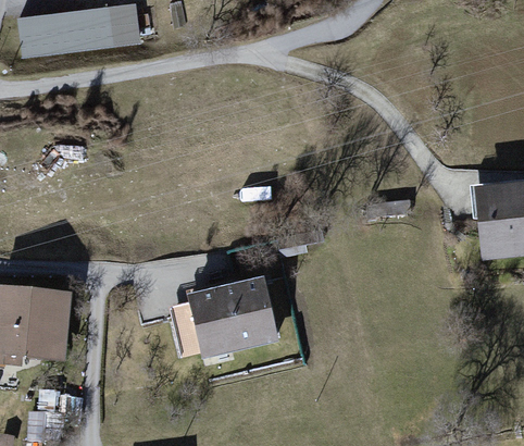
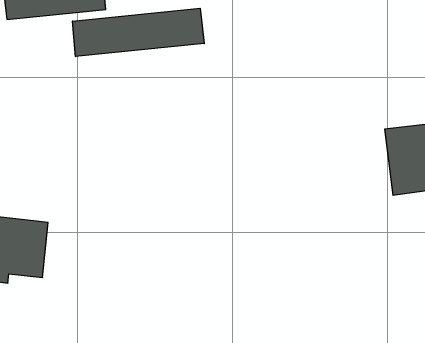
building: none -> [73,8,204,57]
building: [183,276,280,354] -> none

